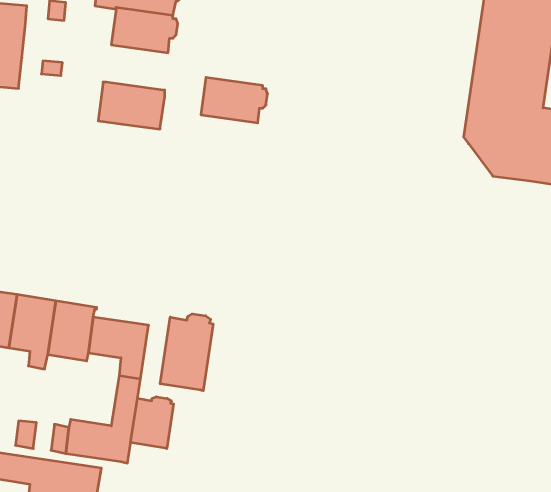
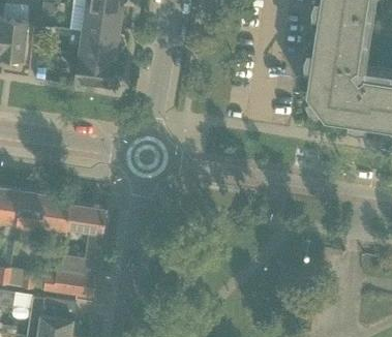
building: [201,77,268,123] -> [79,33,121,62]
building: [160,314,213,391] -> none
building: [131,397,174,449] -> none

